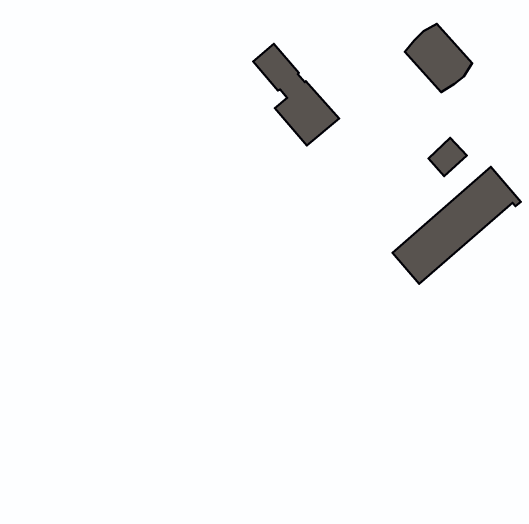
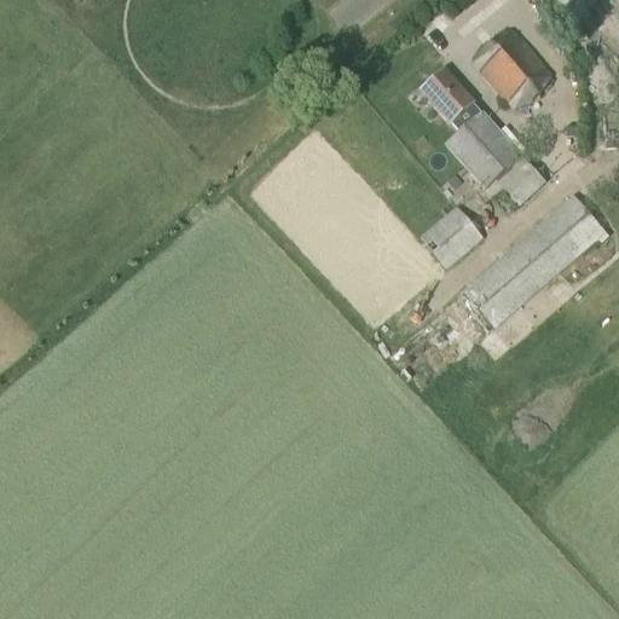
building: [253,44,339,145] -> [421,68,521,186]
building: none -> [421,207,482,266]

